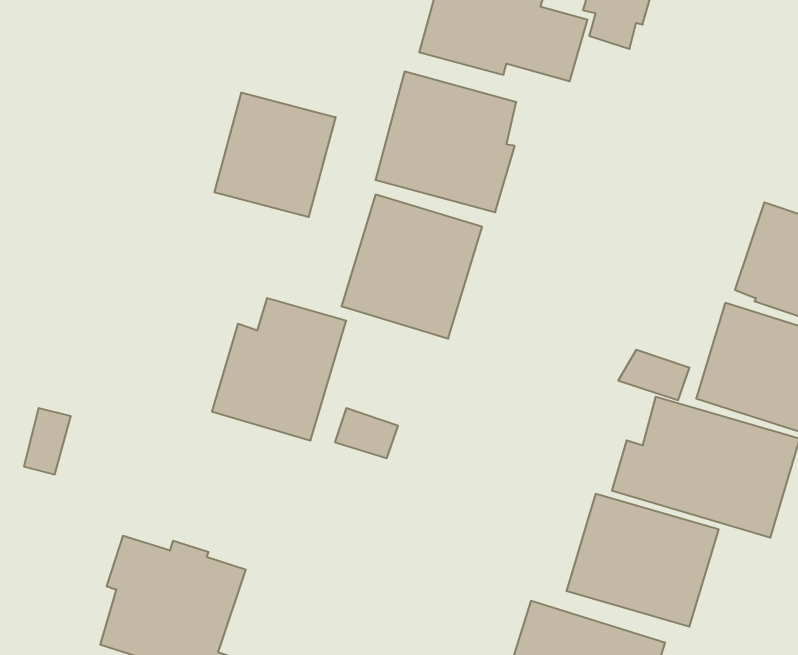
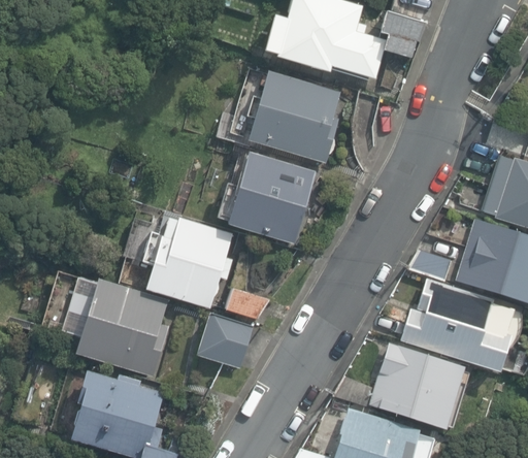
building: [214,93,336,217] -> none
building: none -> [76,279,169,377]
building: none -> [197,310,254,367]

